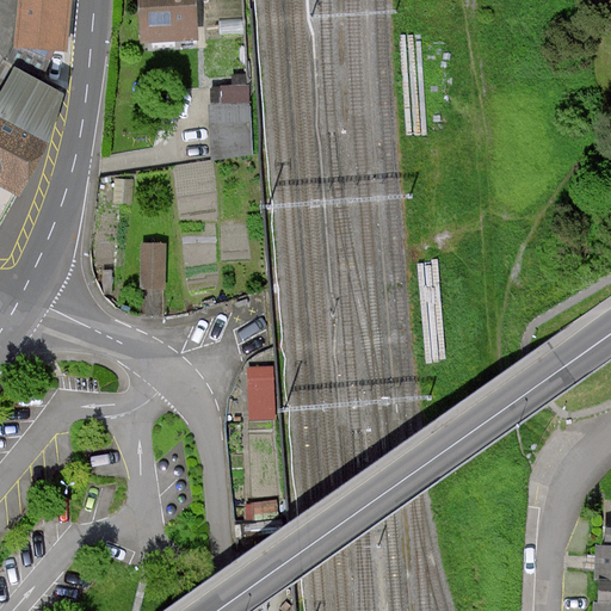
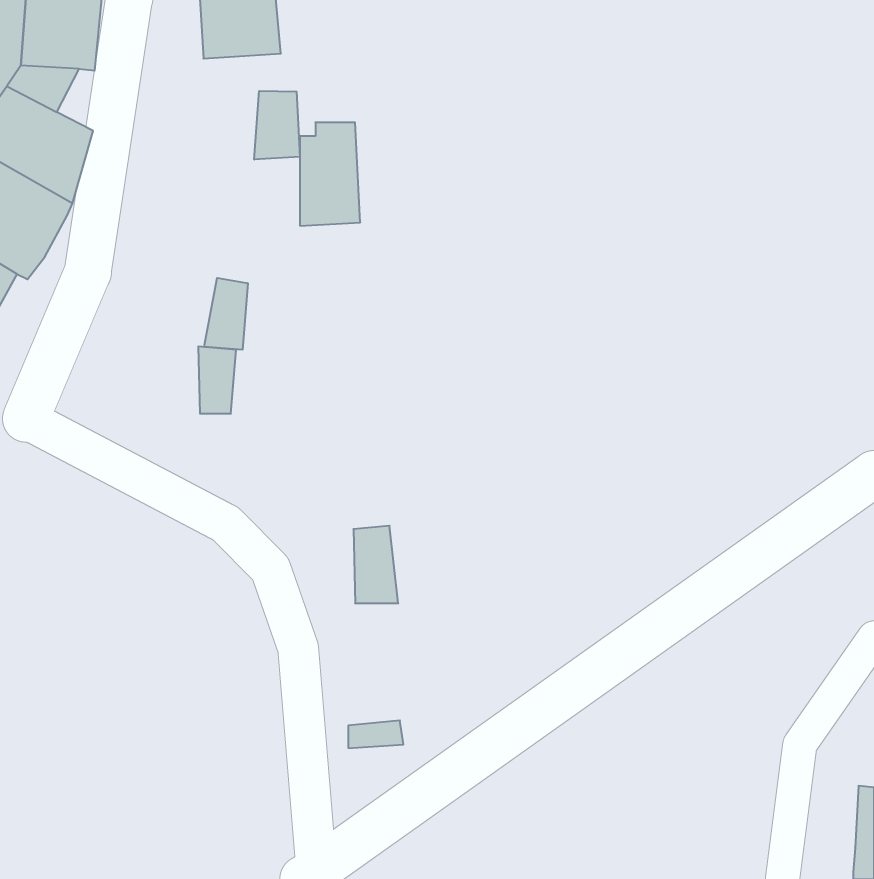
building: none -> [254,91,300,160]
building: none -> [204,278,248,350]

